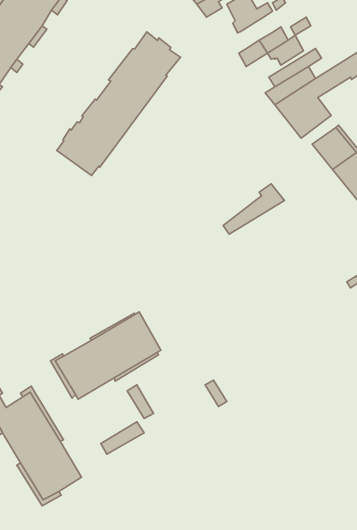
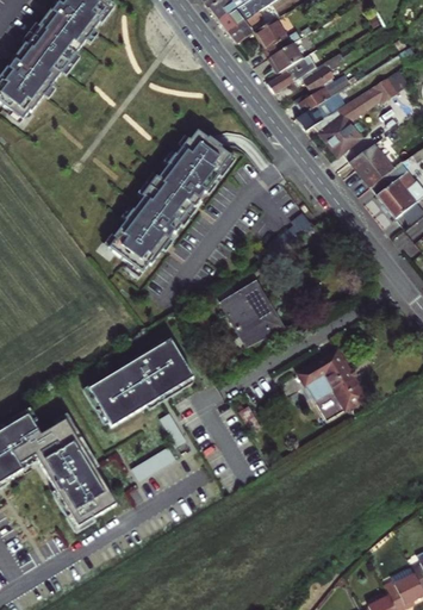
building: none -> [273,43,306,74]
building: [57,32,180,176] -> [108,127,231,270]
building: none -> [220,281,279,342]
building: none -> [297,350,366,422]

